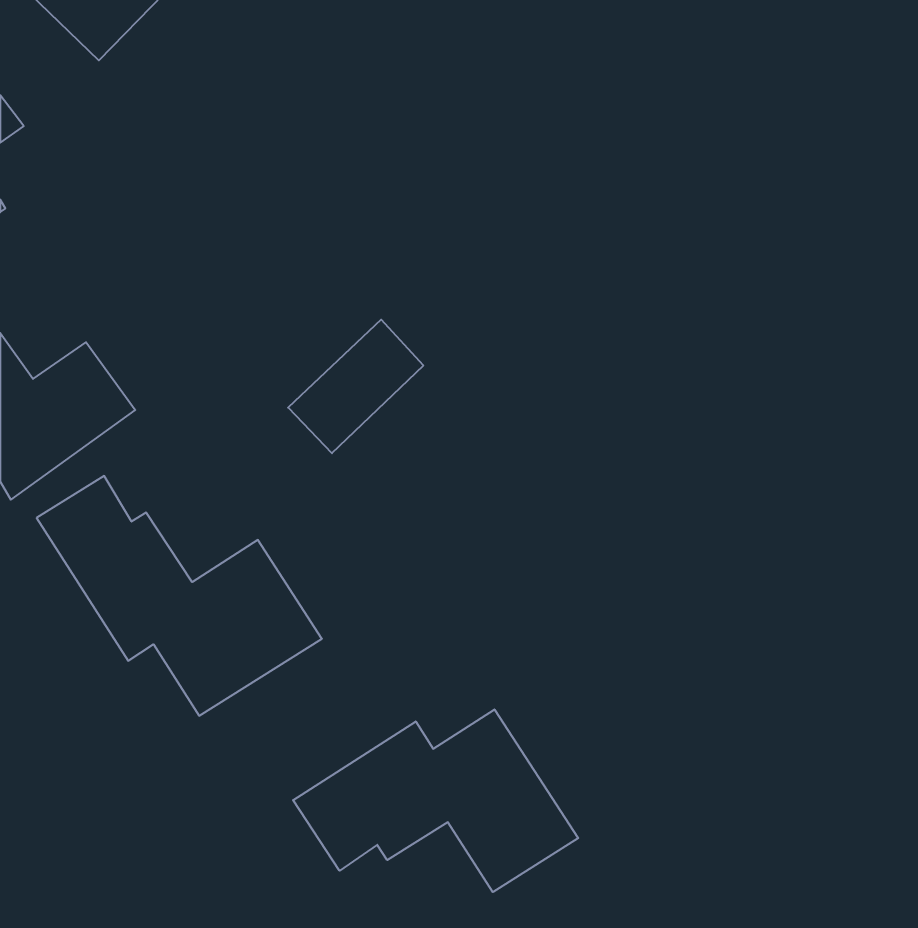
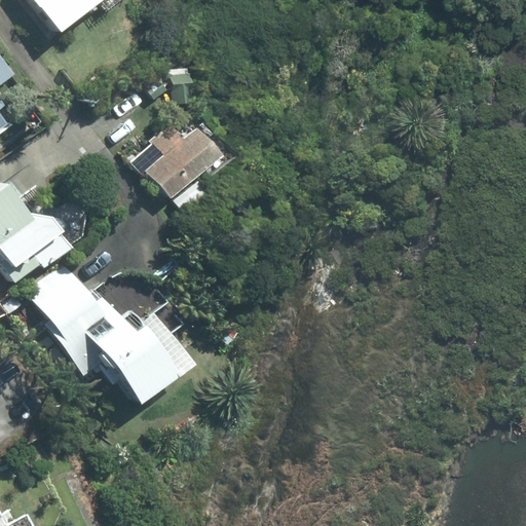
building: [288,320,423,453] -> [142,125,218,200]
building: [293,709,578,892] -> none

